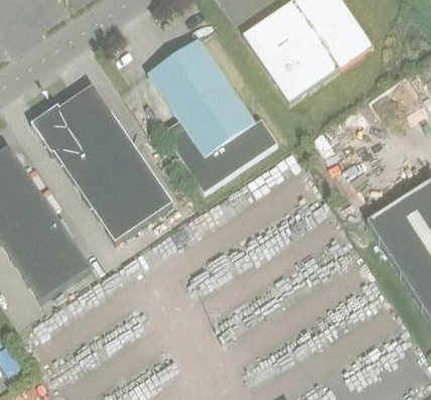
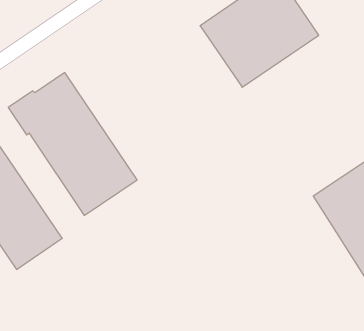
building: [147,37,279,189] -> none

